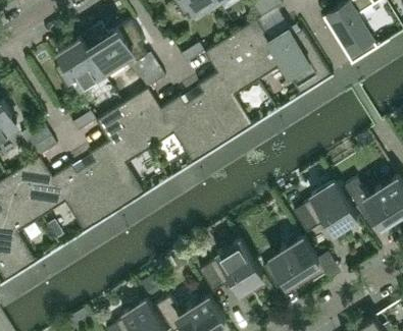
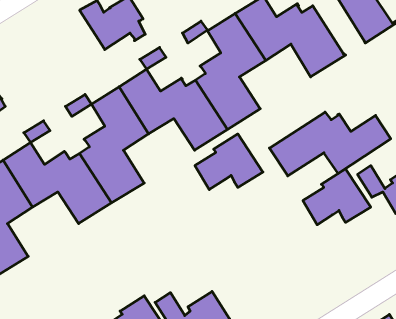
building: [54,34,109,91] -> none
building: none -> [269,112,391,176]
building: [263,236,326,288] -> none
building: [200,240,263,292] -> [195,134,263,190]

